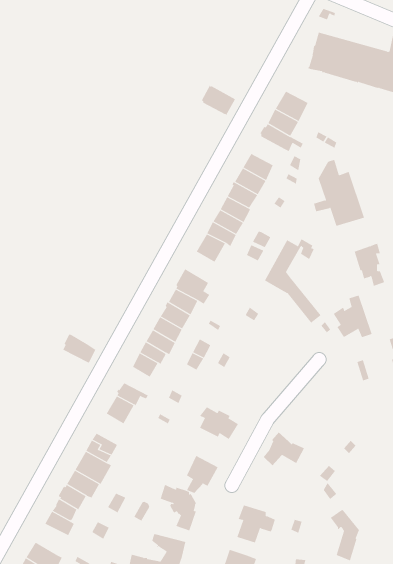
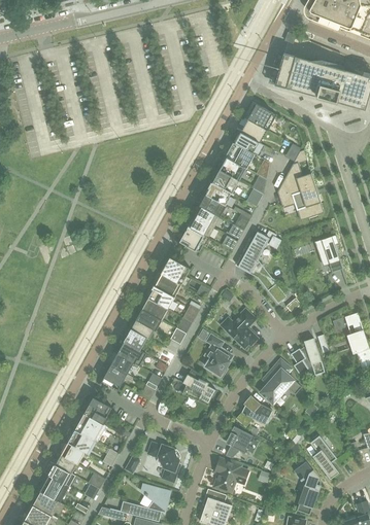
building: [201,85,236,116] -> [225,142,255,169]
building: [333,295,372,338] -> [290,338,324,375]
building: none -> [221,310,257,348]
building: [63,334,96,364] -> [116,341,145,366]
building: none -> [204,335,230,379]
building: none -> [260,371,301,404]
building: [186,455,219,494] -> [225,425,253,458]
building: none -> [309,435,338,479]
building: none -> [40,476,69,502]

